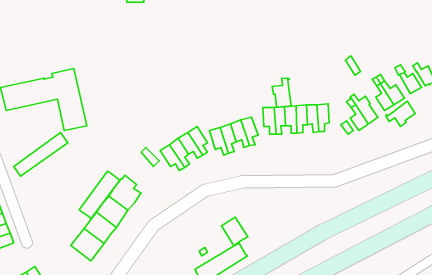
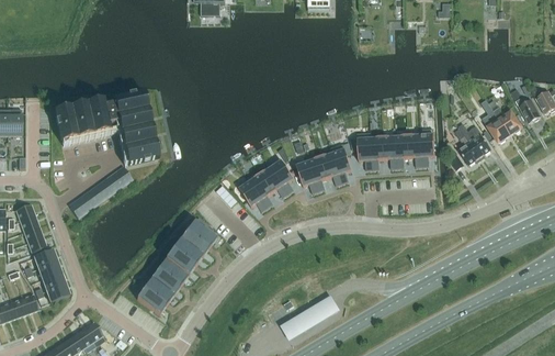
building: [272,78,291,107] -> none
building: [386,101,415,127] -> none
building: [79,171,120,219] -> none
building: [221,217,248,246] -> none

